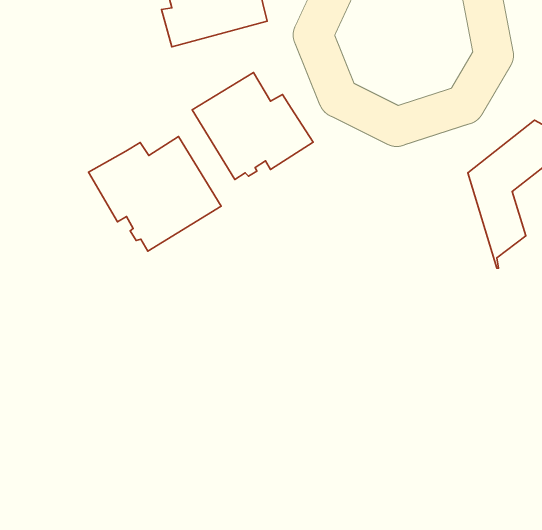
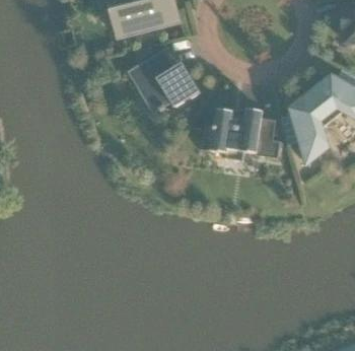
building: [89,137,221,251] -> none
building: none -> [202,108,282,160]

